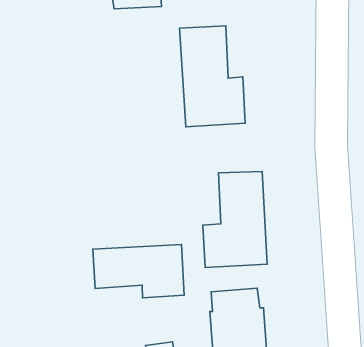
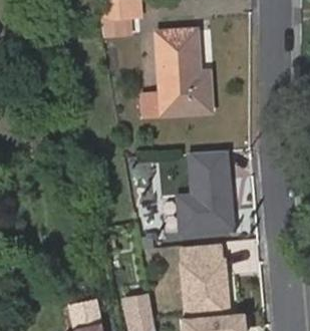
building: [93,244,184,298] -> none

